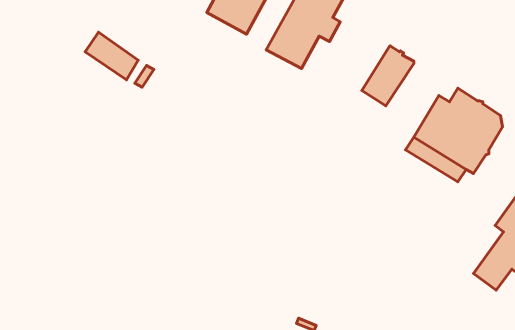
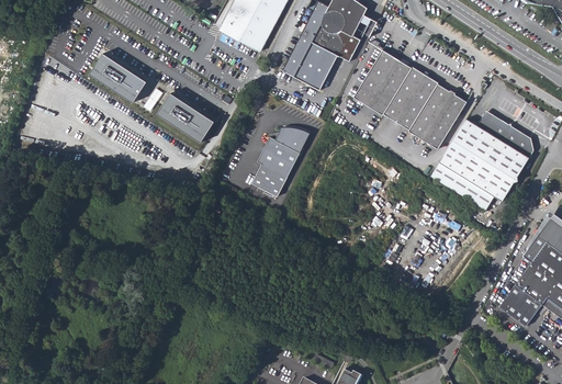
building: none -> [352,48,412,113]
building: none -> [408,83,465,147]
building: none -> [159,91,216,140]
building: none -> [252,126,310,196]

